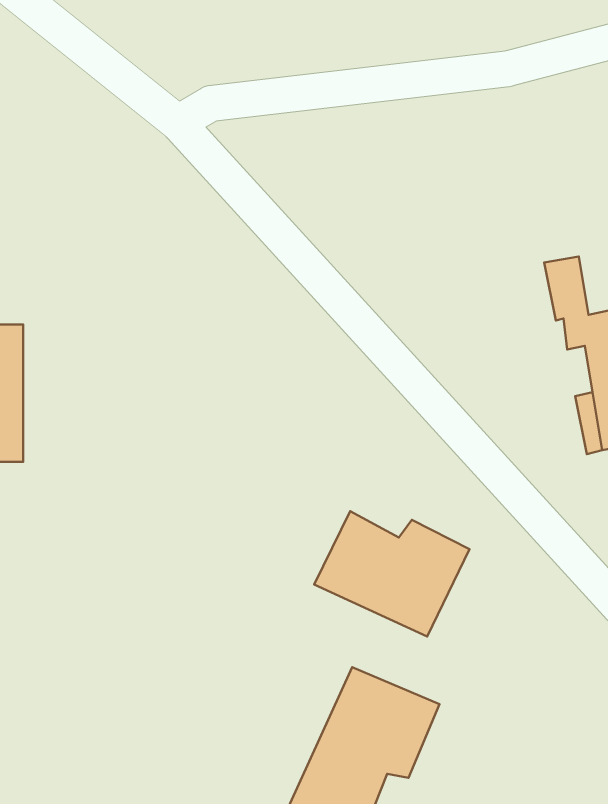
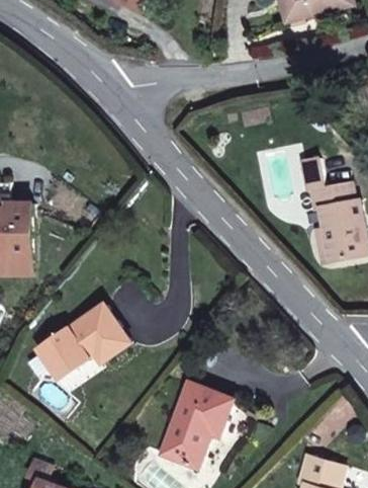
building: [314,511,470,636] -> none
building: none -> [51,306,136,376]

